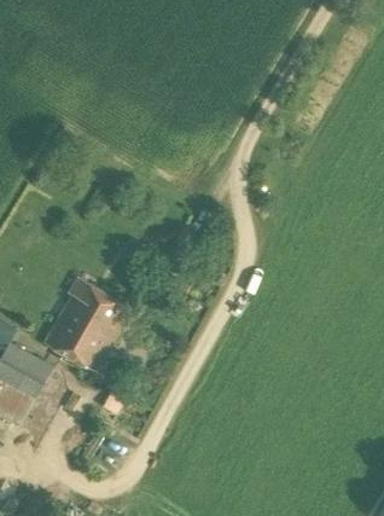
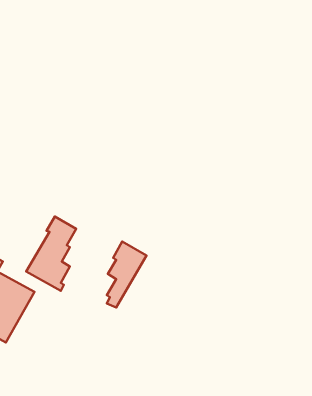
building: [85,291,132,370] -> [107,241,147,307]

